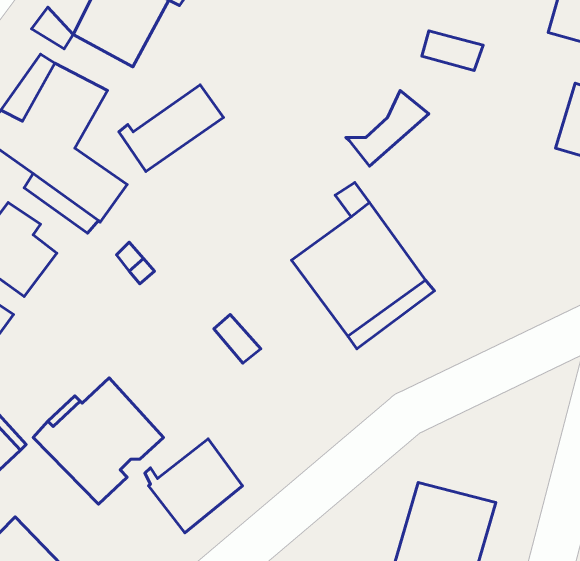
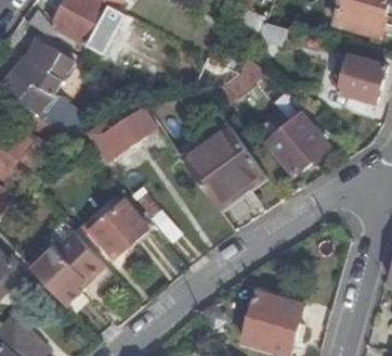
building: [119,85,224,172] -> [92,109,155,161]
building: none -> [266,114,327,175]
building: [145,439,243,533] -> [88,200,146,256]

